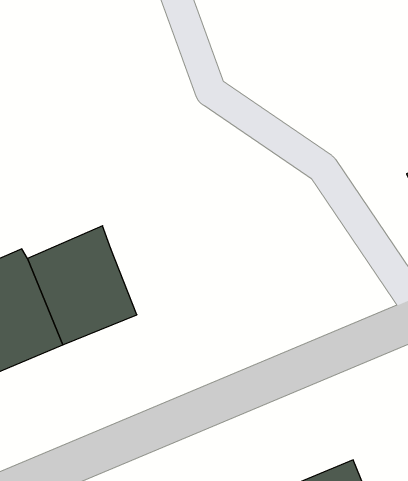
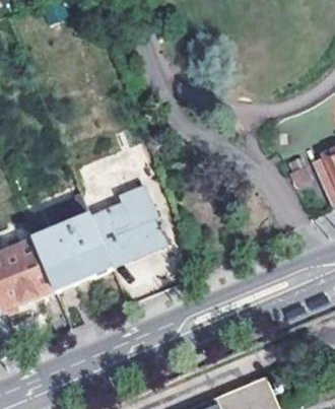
building: none -> [90,191,168,271]

